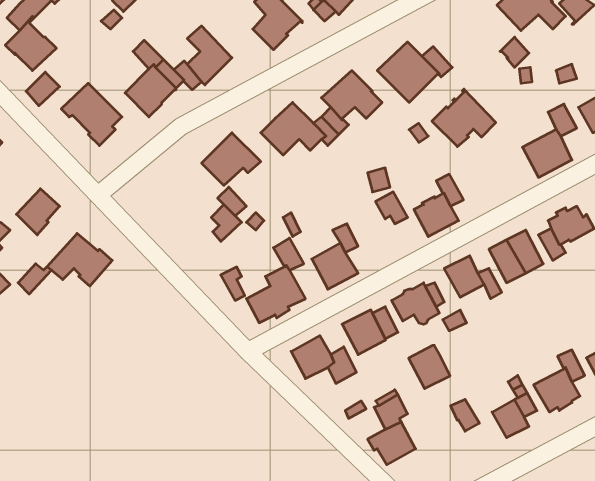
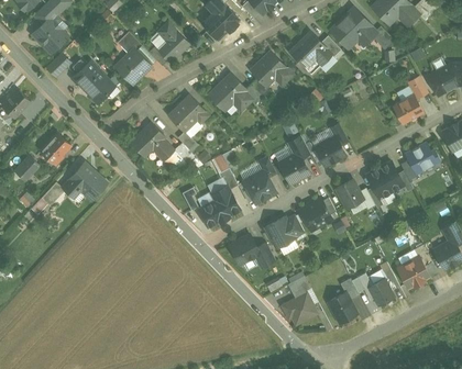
building: [432,89,496,147] -> [330,8,374,47]
building: none -> [130,122,173,158]
building: none -> [277,152,309,183]
building: [409,345,450,389] -> [327,292,355,322]

